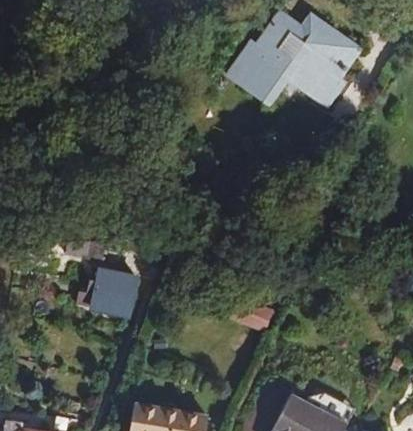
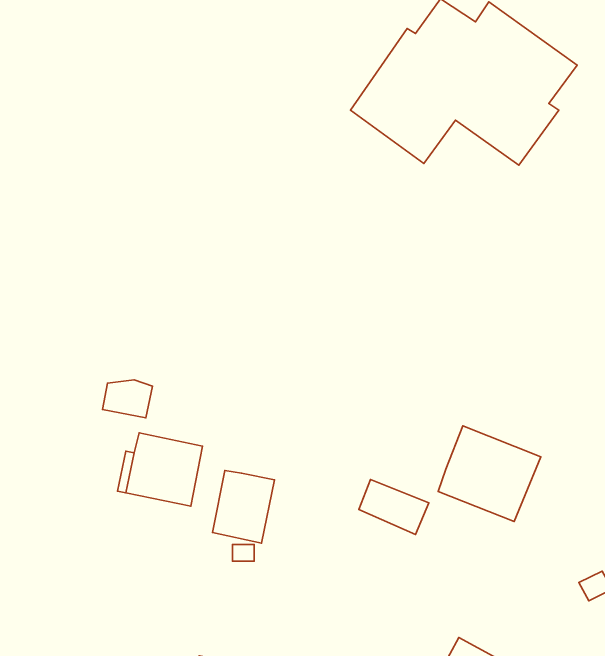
building: none -> [438,426,541,522]
building: none -> [212,471,275,543]

